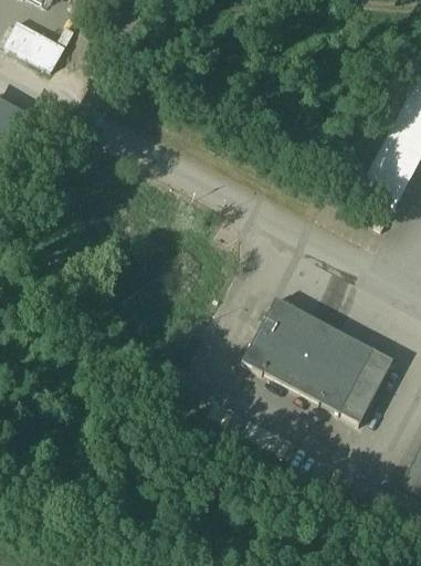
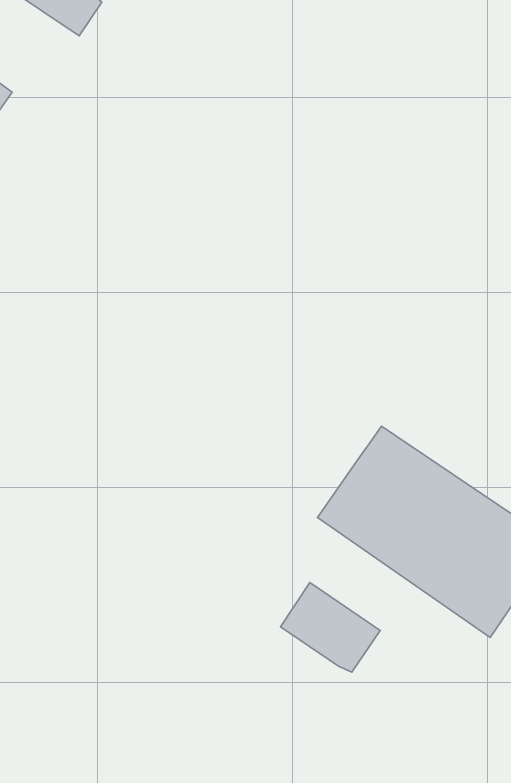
building: none -> [281,583,380,672]

